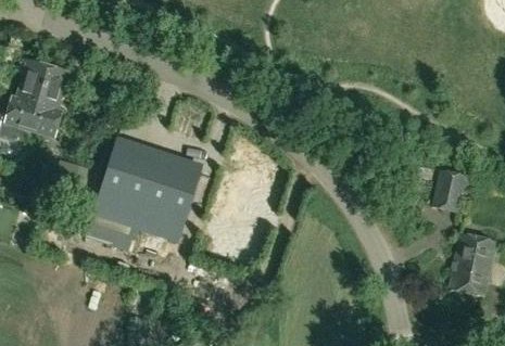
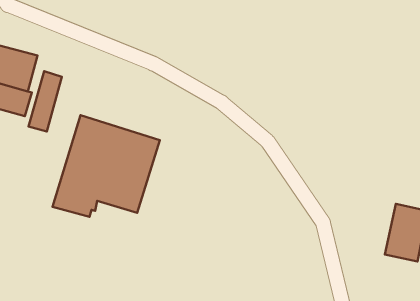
building: none -> [28,71,62,131]
building: [431,168,464,210] -> none

